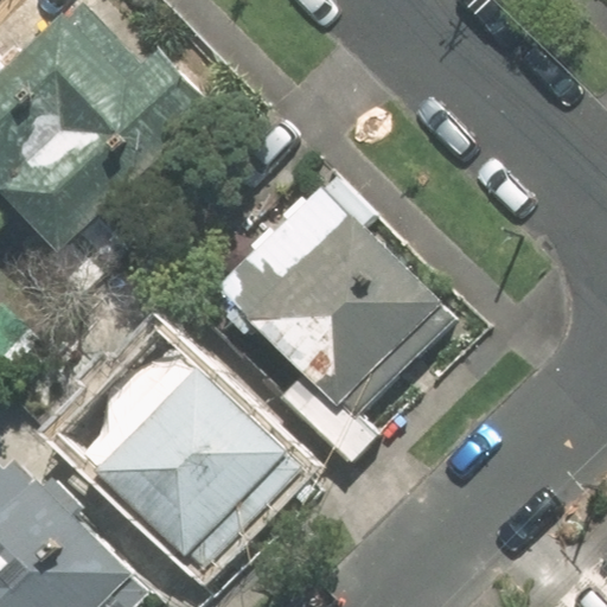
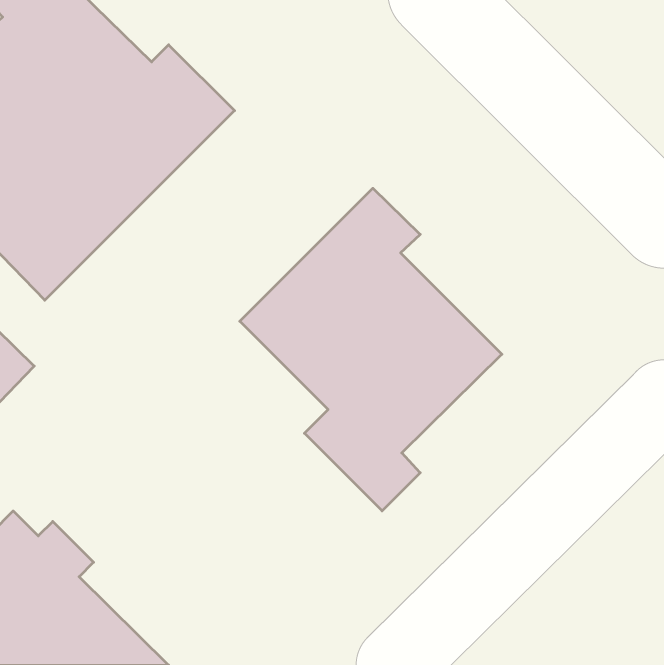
building: [75,327,304,574] -> none

